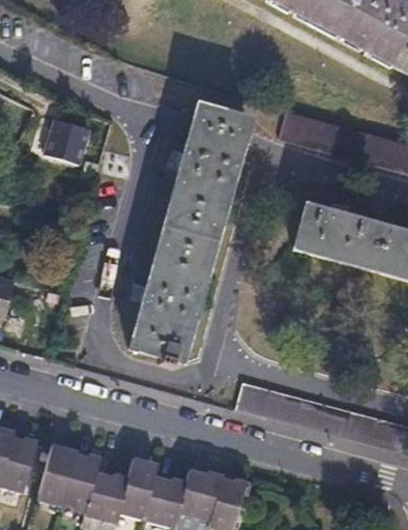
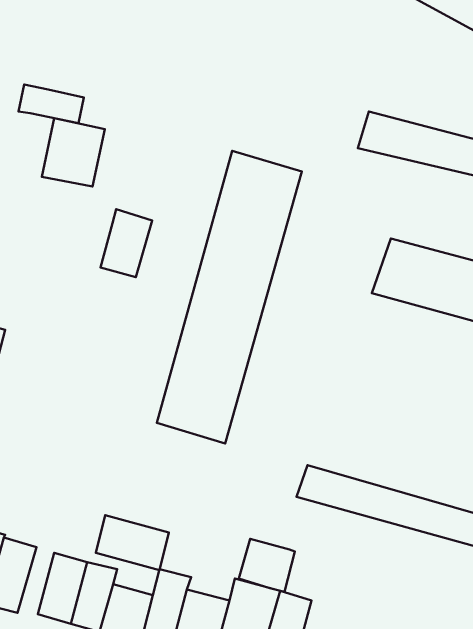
building: none -> [18,85,84,123]
building: [186,108,250,158] -> none
building: none -> [101,209,152,277]
building: none -> [96,515,169,570]
building: none -> [239,539,295,592]

